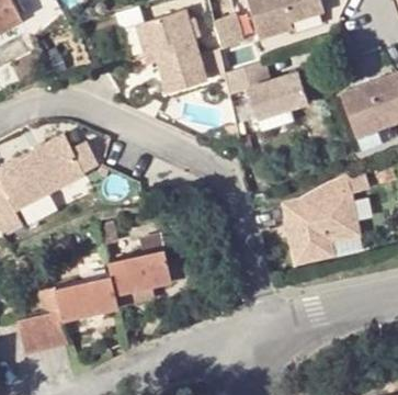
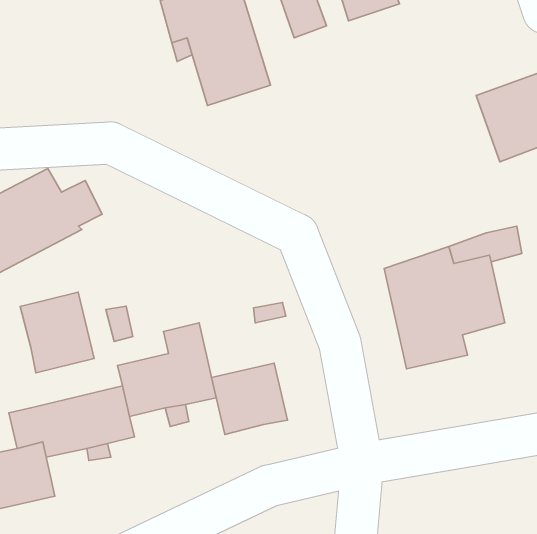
building: [227,61,310,117] -> none
building: none -> [20,292,94,373]
building: none -> [211,363,287,434]

